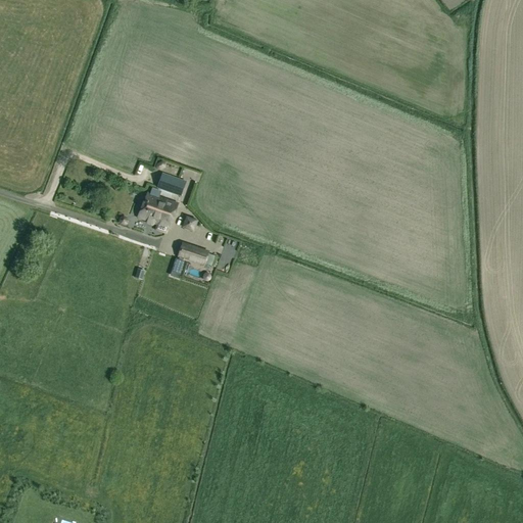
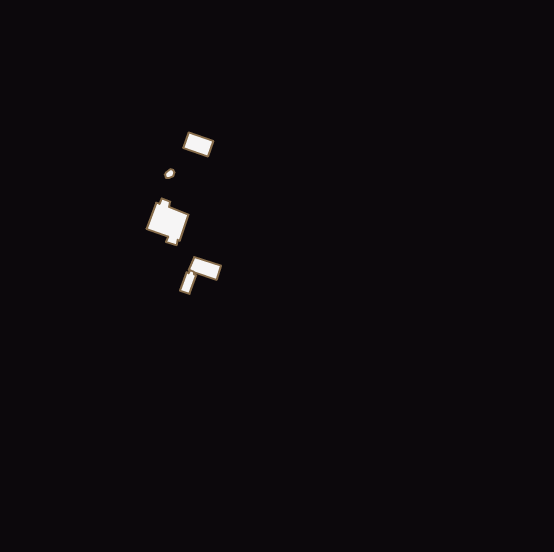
building: [157,172,186,194] -> [183,133,213,156]

